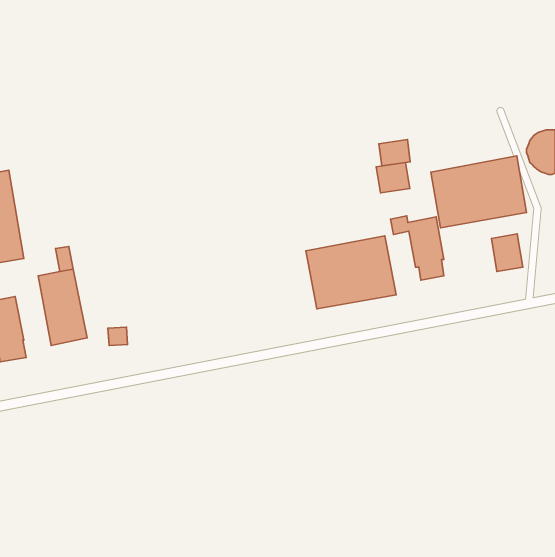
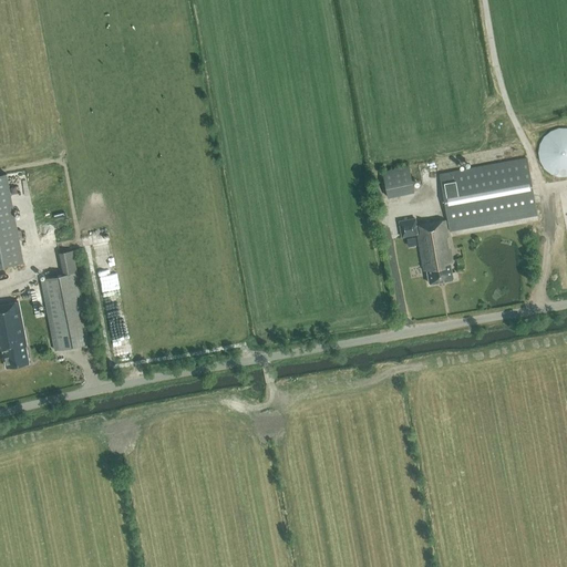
building: [379,140,410,166] -> none
building: [492,234,523,272] -> none
building: [306,236,396,309] -> none

